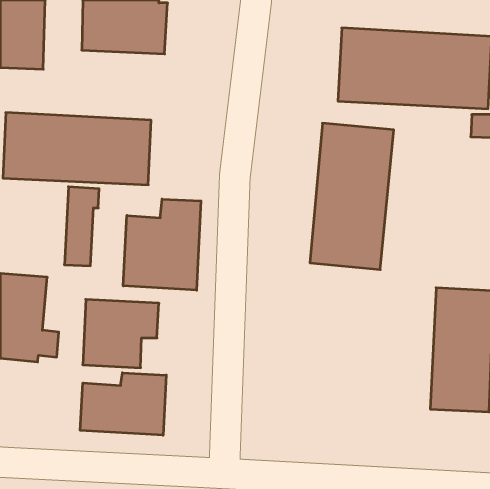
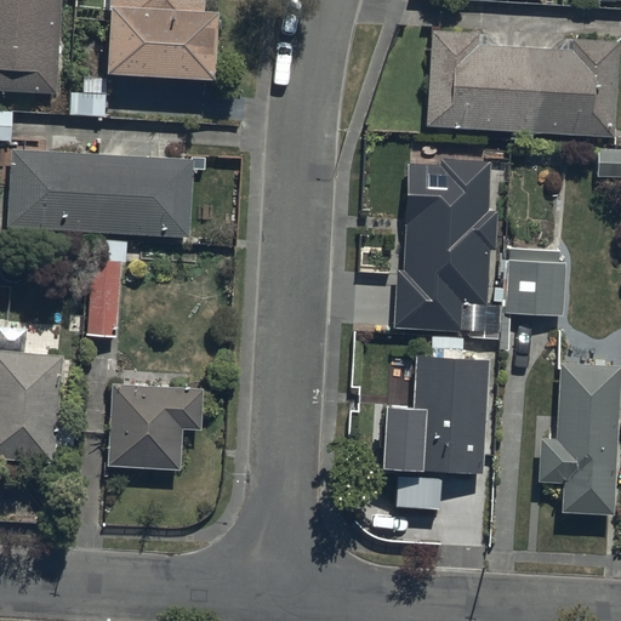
building: none -> [505,247,566,317]
building: [123,199,201,290] -> none
building: none -> [393,361,494,483]
building: [80,373,166,435] -> none

